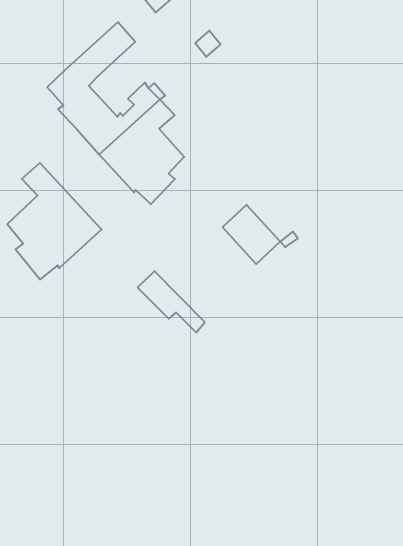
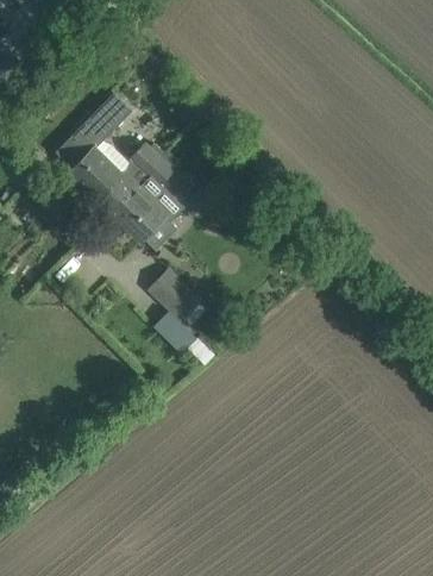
building: [7,163,102,280] -> none
building: [223,205,280,264] -> [149,268,201,320]

